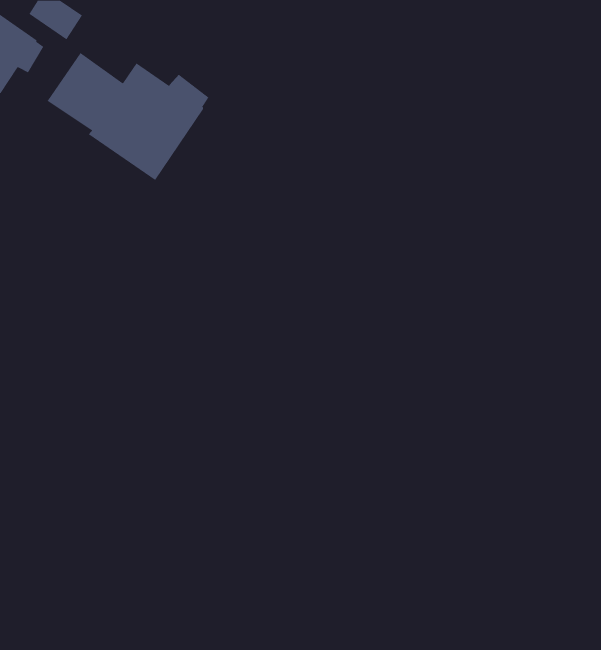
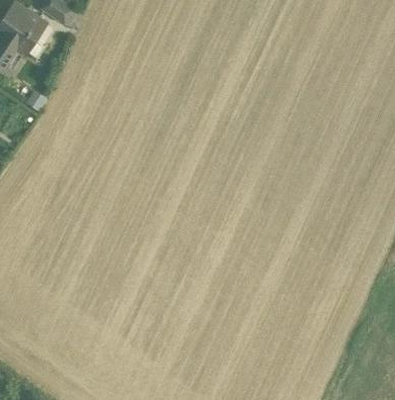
building: [47,52,209,181] -> none

